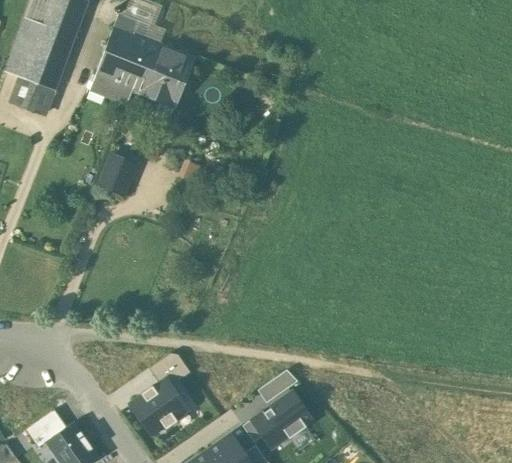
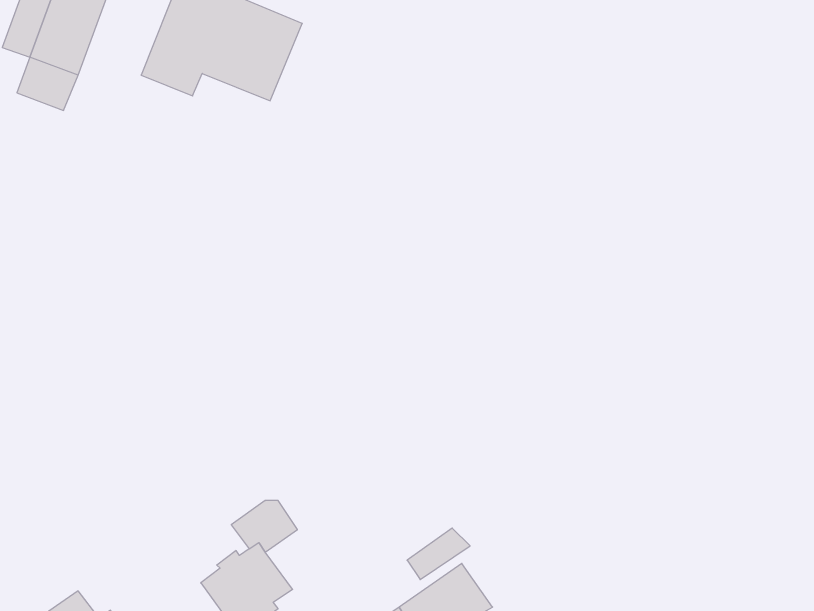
building: [99,155,135,194] -> none

